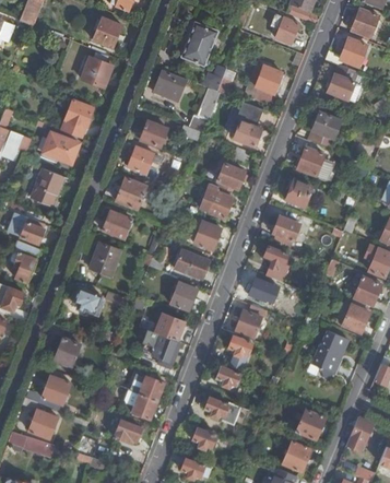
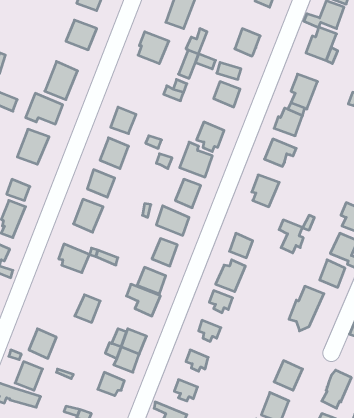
building: [140,120,167,148] -> none
building: [263,246,288,280] -> [279,220,303,253]
building: [54,338,80,366] -> [75,295,100,322]

